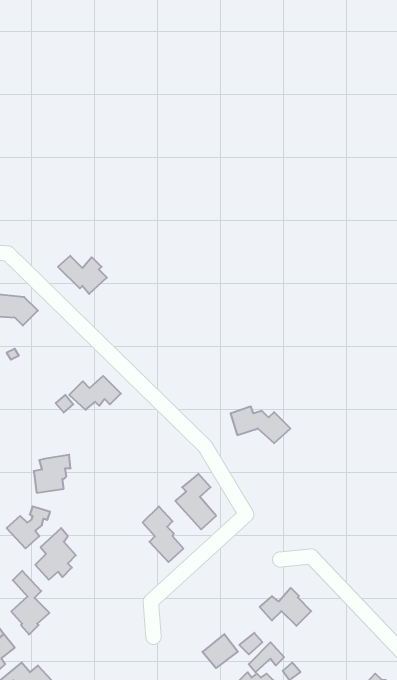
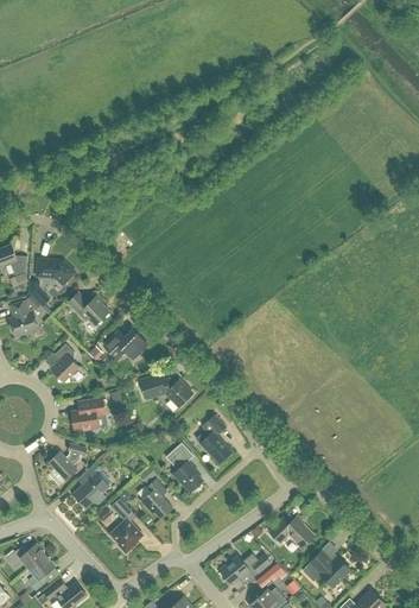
building: [58,256,107,294] -> [66,292,109,325]
building: none -> [51,343,78,381]
building: [230,407,290,443] -> [140,374,192,406]
building: none -> [140,479,172,518]
building: [11,571,49,635] -> [109,498,142,553]
building: none -> [309,550,350,587]

